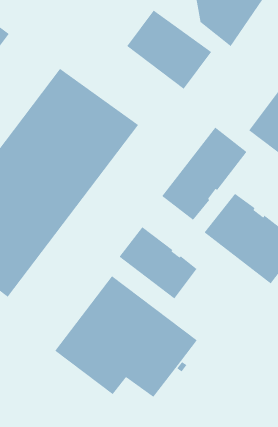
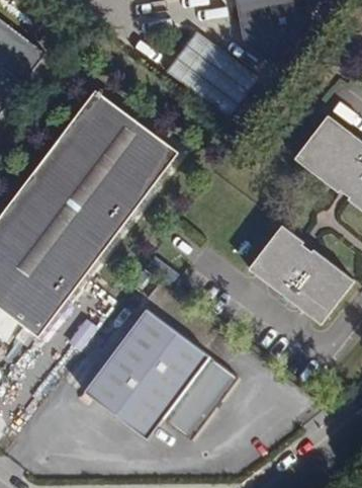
building: [161,126,248,221] -> none
building: [118,226,198,300] -> none

